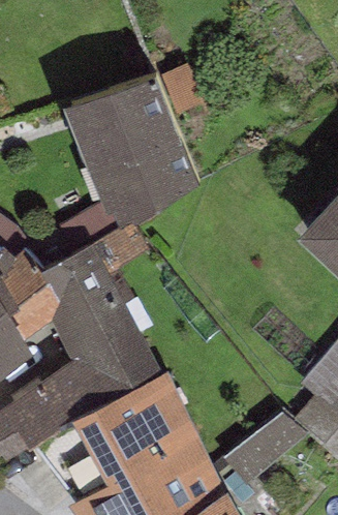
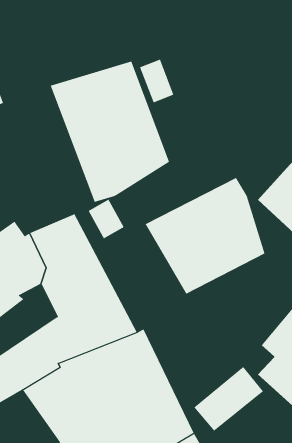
building: none -> [145,177,265,295]

